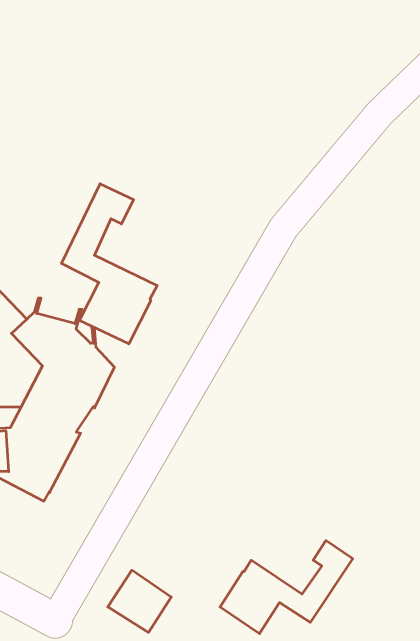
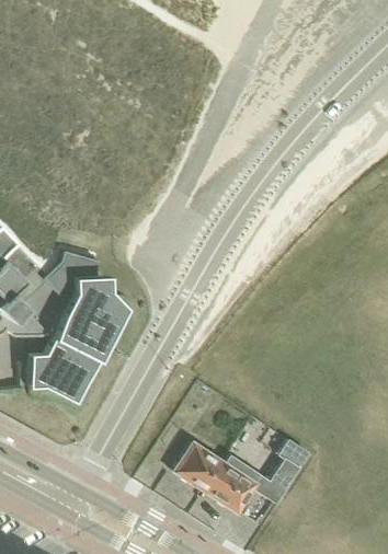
building: [62,184,157,344] -> none
building: [108,570,171,632] -> [174,441,224,489]

